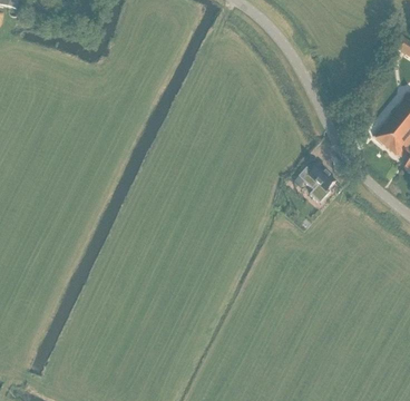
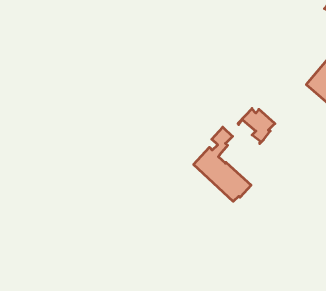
building: none -> [194,127,251,201]

